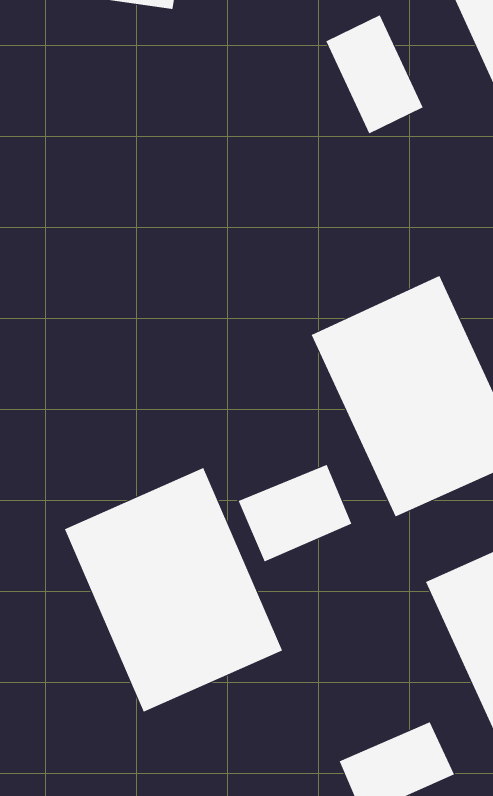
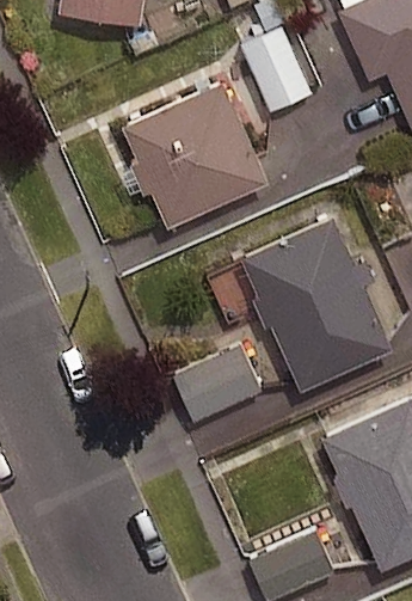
building: none -> [119,81,264,227]
building: [64,467,283,712] -> none

